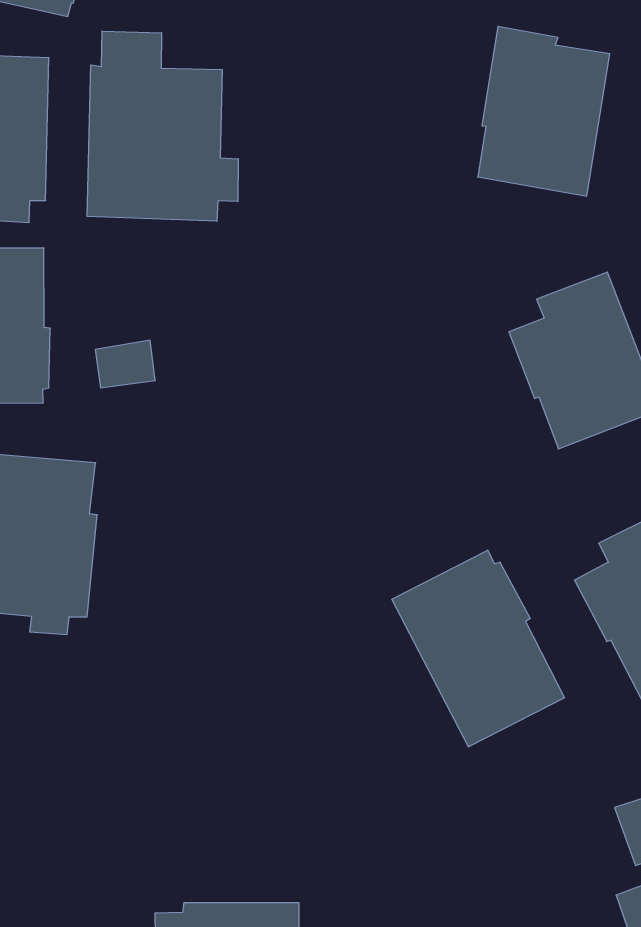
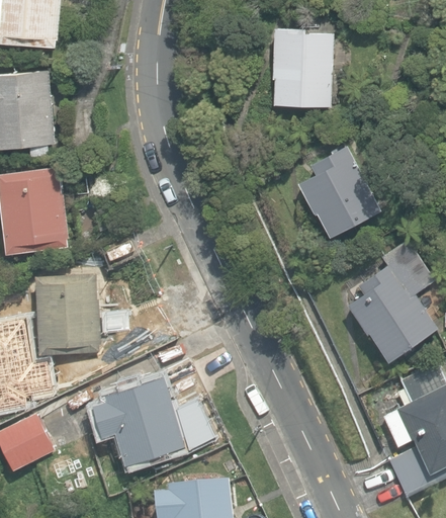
building: [87,31,238,221] -> none
building: [392,550,564,747] -> none
building: none -> [94,376,184,463]

